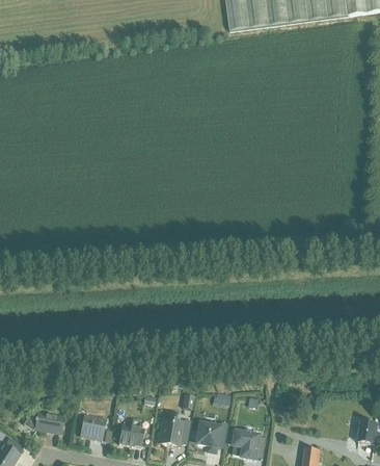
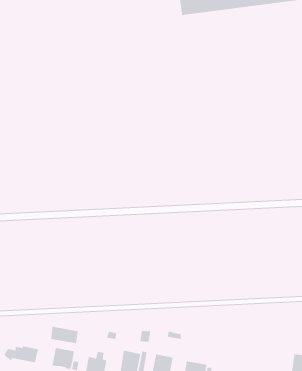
building: none -> [50,326,79,345]

